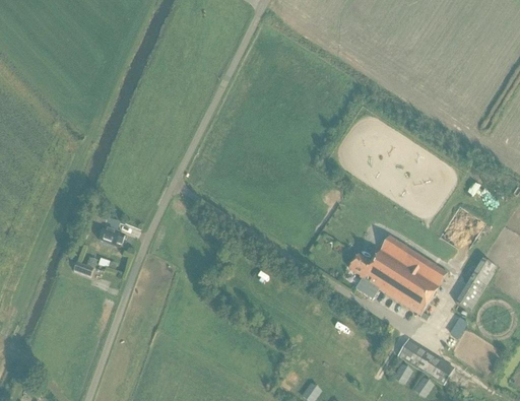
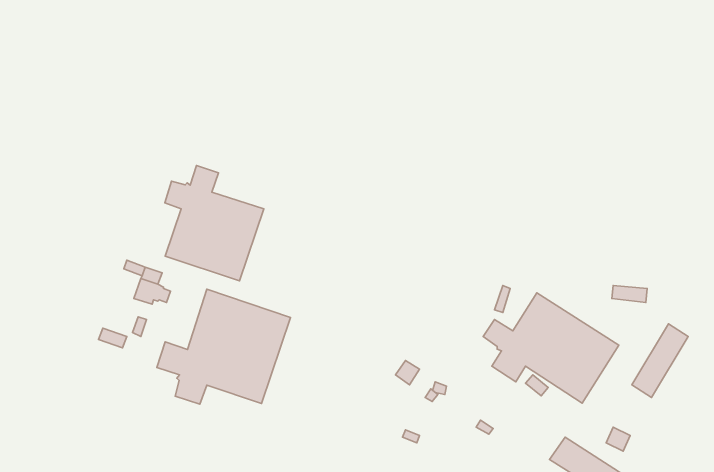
building: none -> [165,166,264,281]
building: none -> [157,289,290,404]

